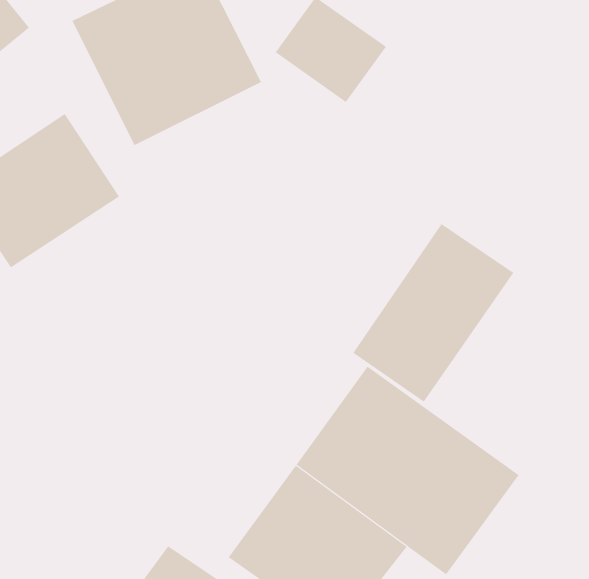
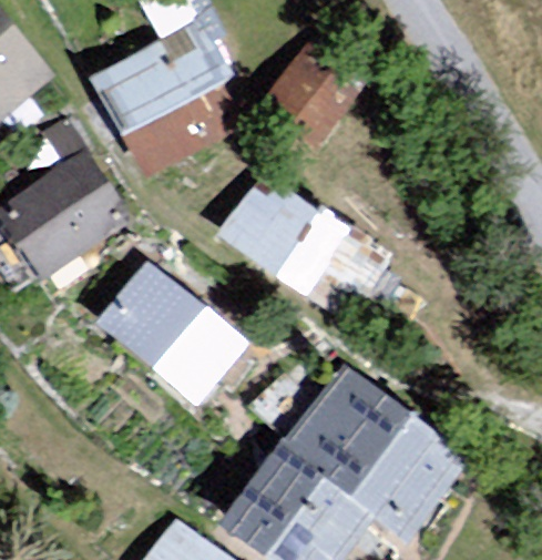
building: none -> [215,170,351,297]
building: [353,223,514,403] -> none
building: none -> [93,261,248,407]

